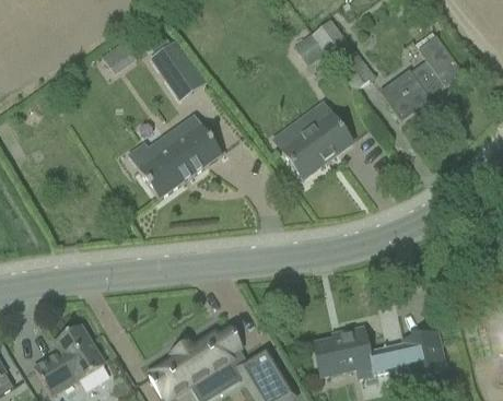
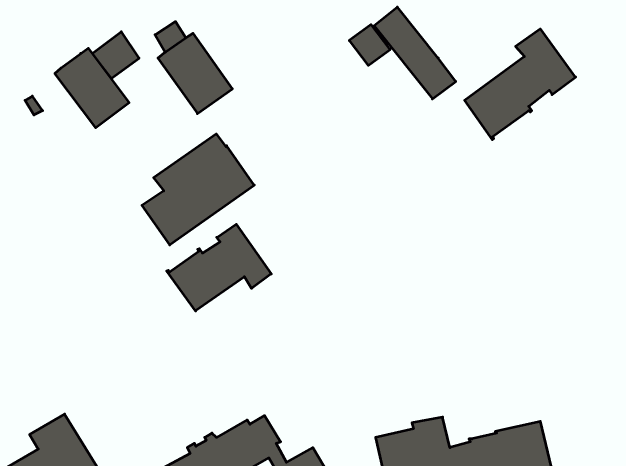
building: none -> [55,48,129,128]
building: [281,102,352,177] -> none
building: none -> [167,224,271,311]

